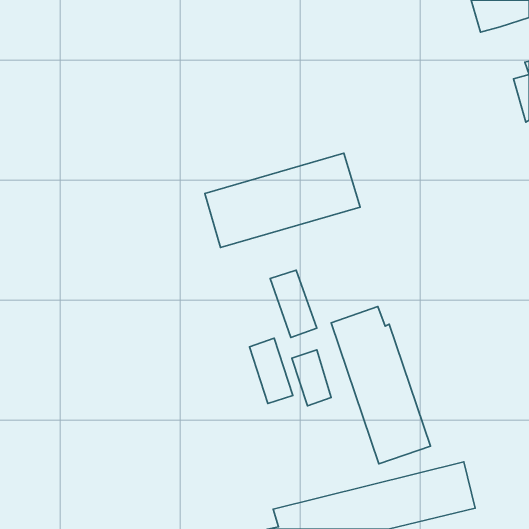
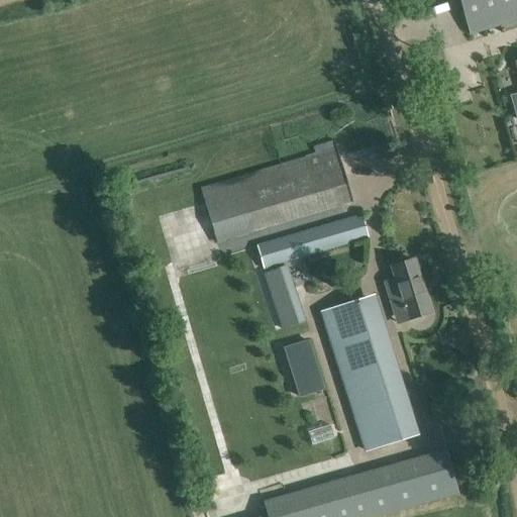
building: none -> [257,215,368,268]
building: none -> [386,260,429,318]
building: [250,338,293,404] -> none

